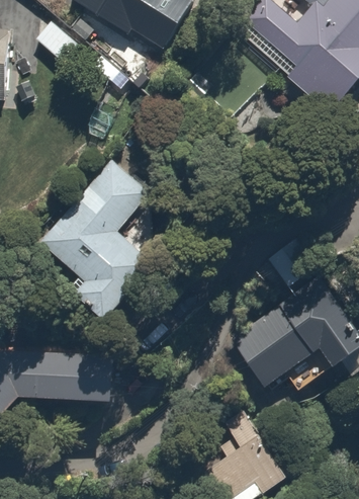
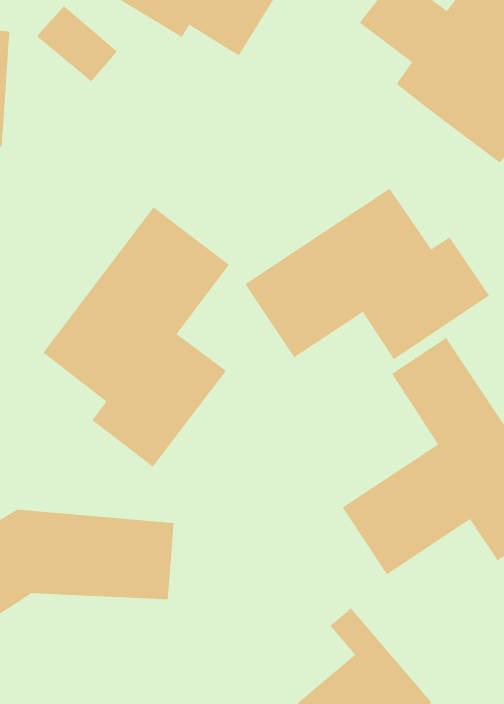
building: none -> [245,188,490,360]

